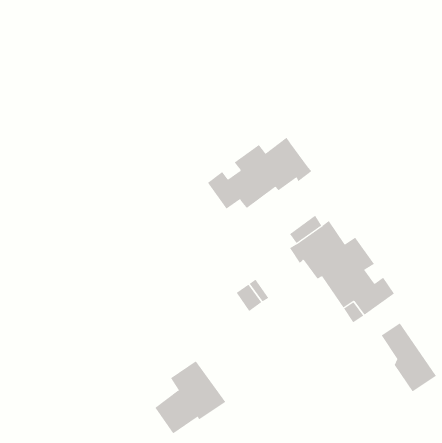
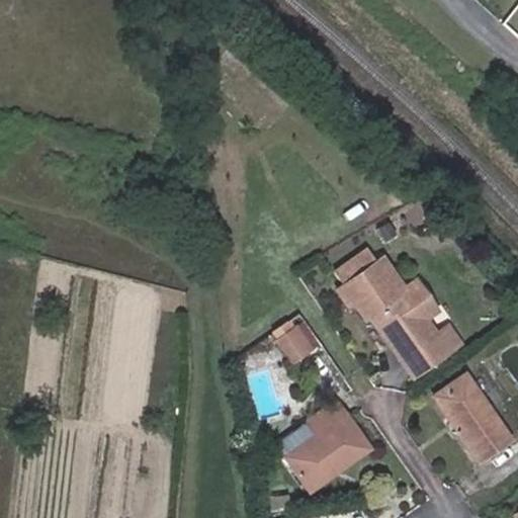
building: [207,137,312,209] -> none
building: [154,361,226,434] -> [289,401,372,486]

